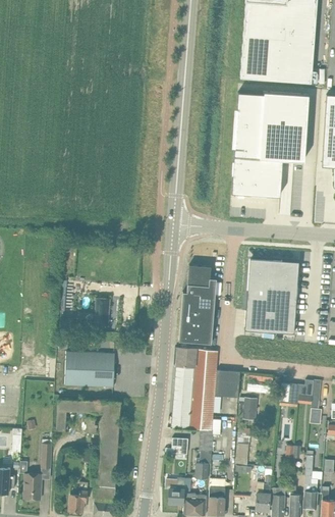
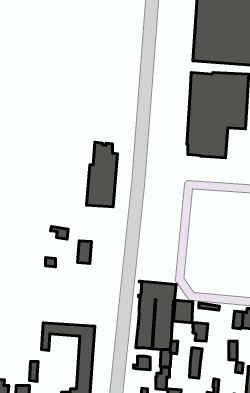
building: [244,260,298,333] -> none
building: [178,265,216,344] -> [87,142,118,207]
building: [64,352,114,387] -> none

